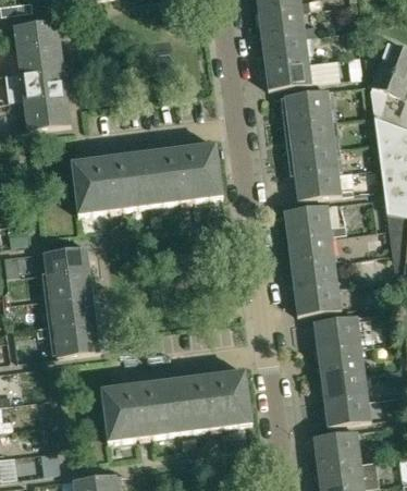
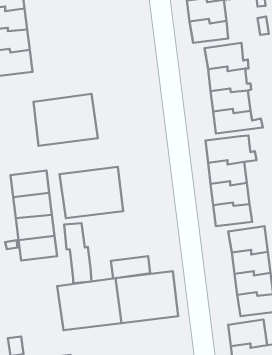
building: [144,142,222,205] -> [60,167,123,218]
building: none -> [64,223,91,283]
building: none -> [111,256,150,279]

